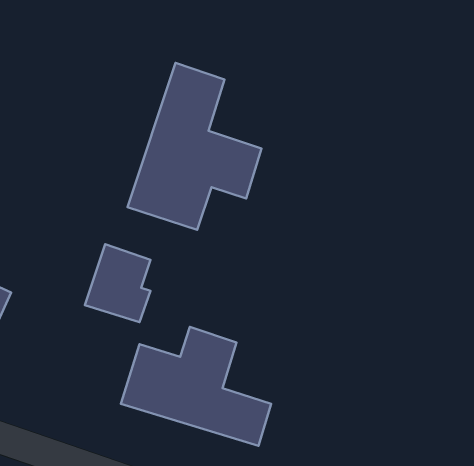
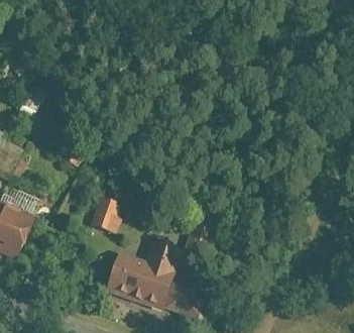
building: [127,63,261,230] -> none

